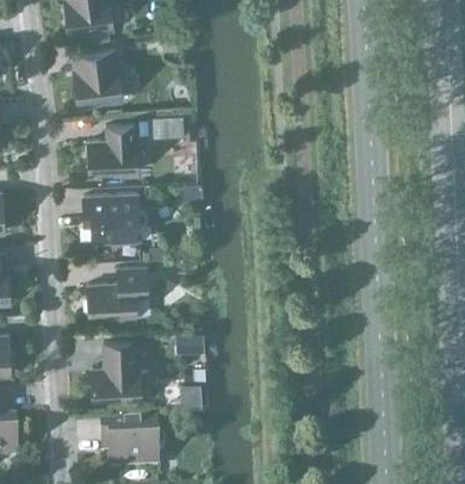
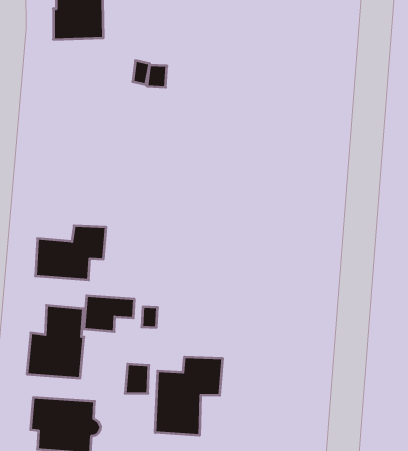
building: [88,124,137,174] -> none
building: [83,193,147,241] -> none
building: none -> [155,357,222,435]

